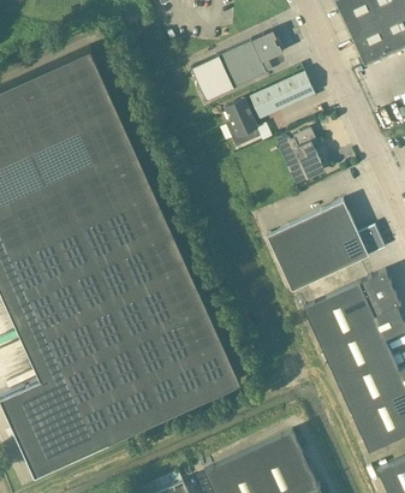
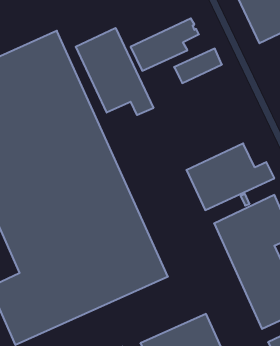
building: none -> [76,28,153,115]
building: [225,100,257,138] -> none
building: [276,130,322,185] -> none

